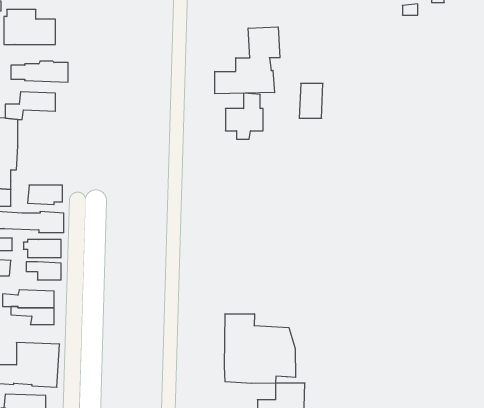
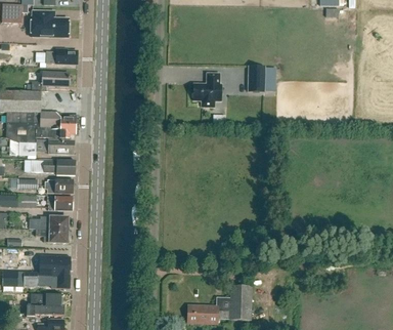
building: [215,27,280,94] -> none
building: none -> [36,111,76,137]
building: [224,314,295,383] -> none

